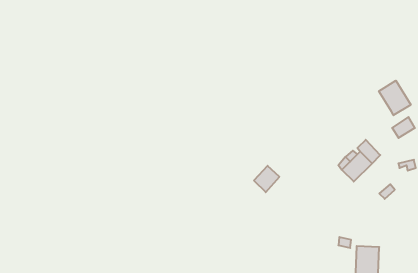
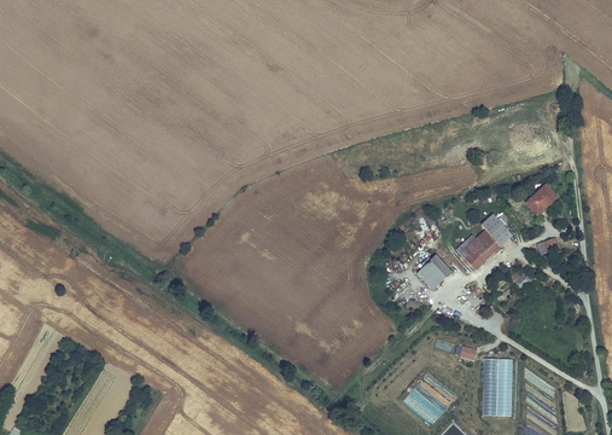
building: [379,81,411,115] -> none
building: [254,166,279,192] -> [414,251,448,286]

